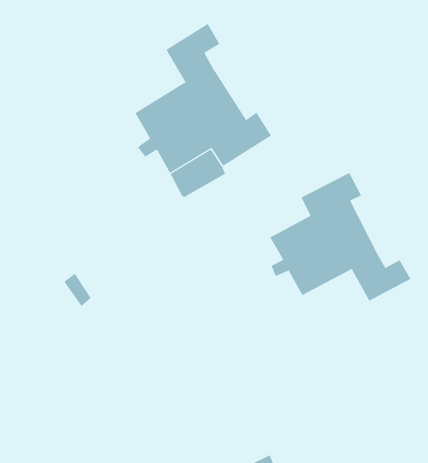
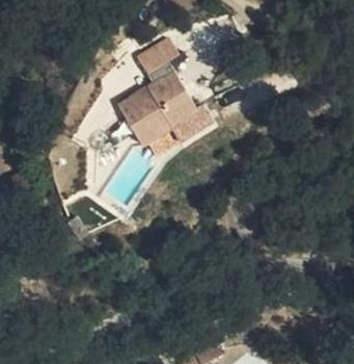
building: [269,172,411,301] -> none

